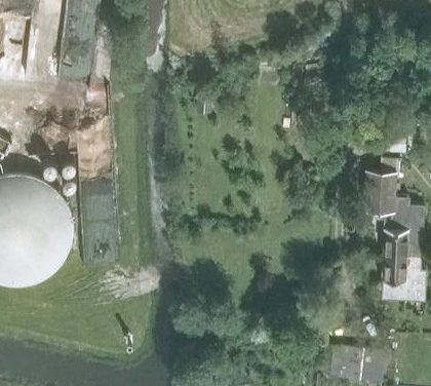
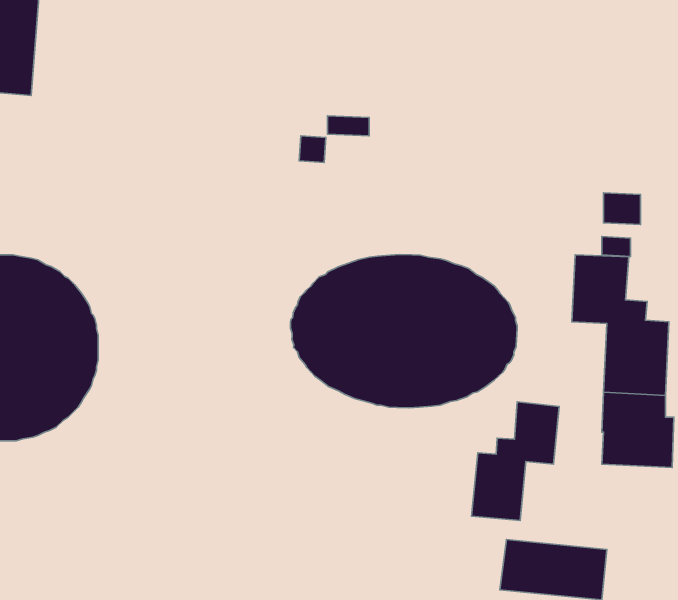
building: none -> [290,254,517,408]
building: none -> [471,402,559,521]

